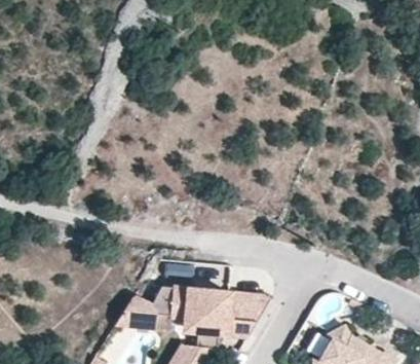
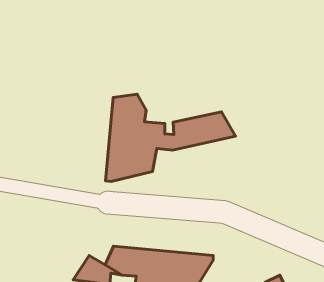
building: none -> [105,94,235,182]

